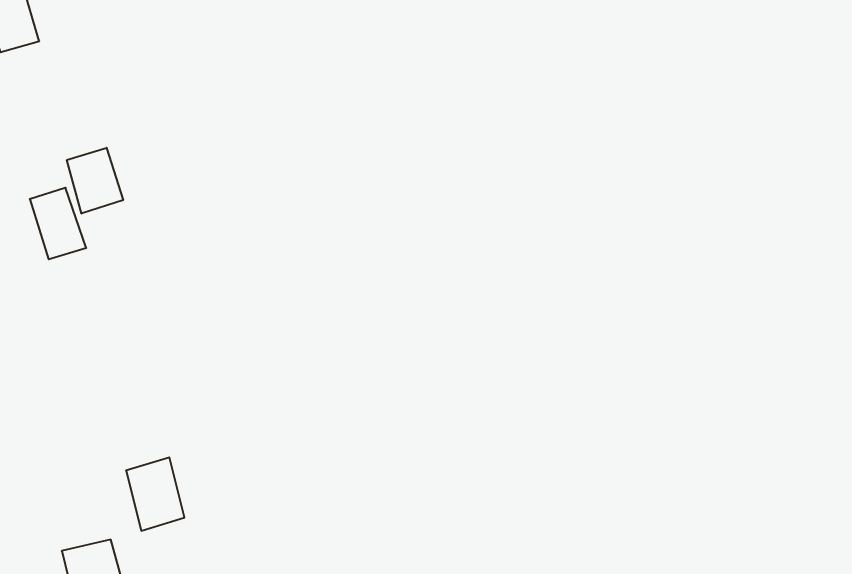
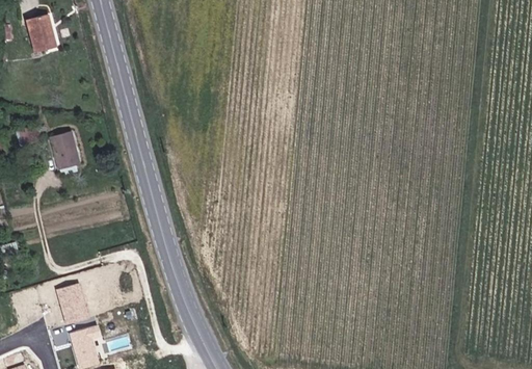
building: [67,148,123,214] -> none
building: [126,457,184,531] -> [55,282,87,322]

